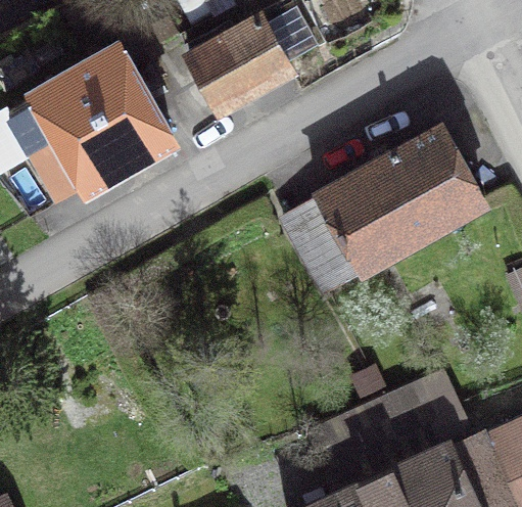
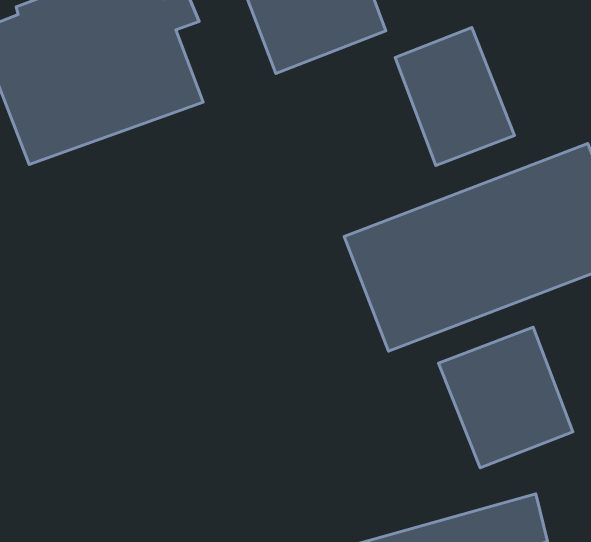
building: none -> [395,28,514,166]
building: none -> [439,327,573,468]

